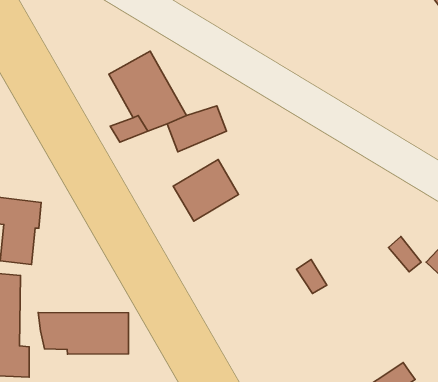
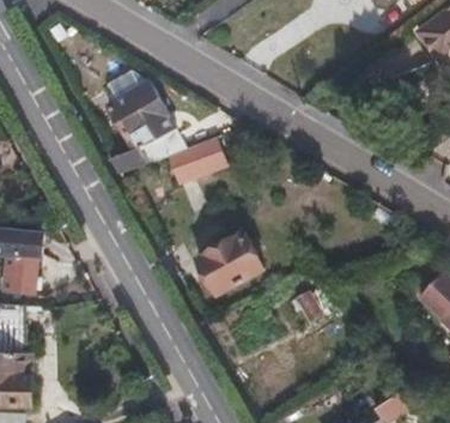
building: [173,159,239,221] -> [199,231,263,292]
building: [38,312,129,354] -> none

